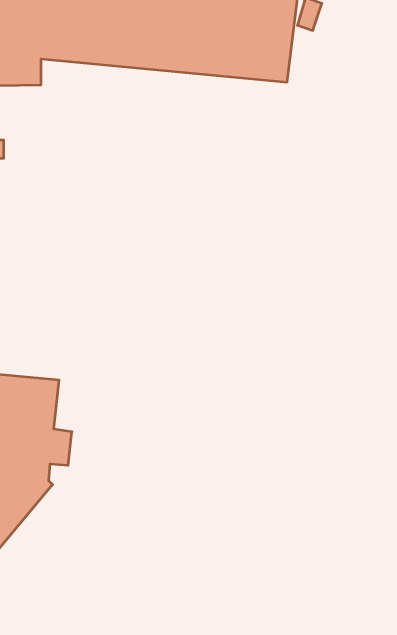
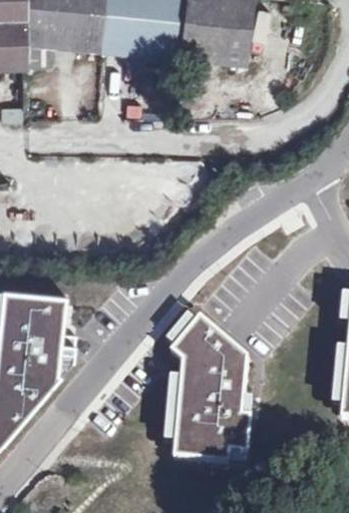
building: none -> [169,318,249,462]

